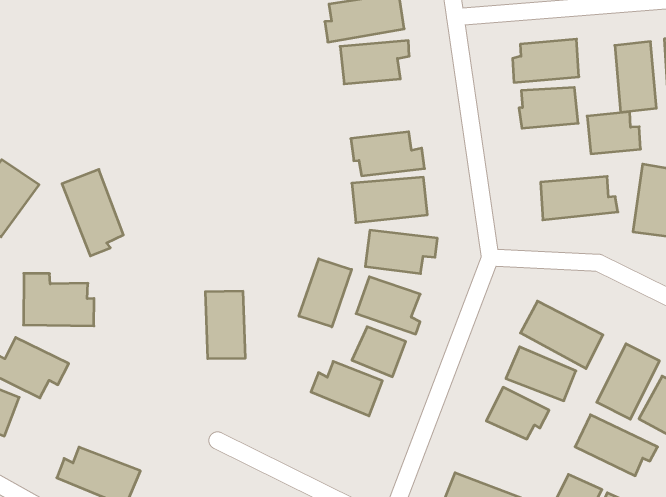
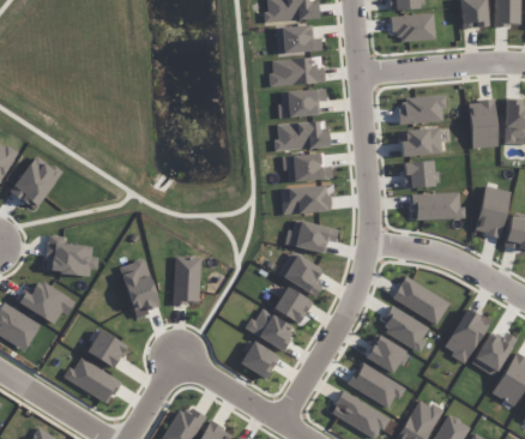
building: none -> [274,121,328,151]
building: [587,112,641,154] -> [403,161,439,188]
building: [62,169,123,256] -> [119,259,159,319]
building: [299,259,352,327] -> none
building: none -> [88,330,127,368]
building: none -> [237,341,279,380]
building: [575,415,658,476] -> [348,363,405,408]

